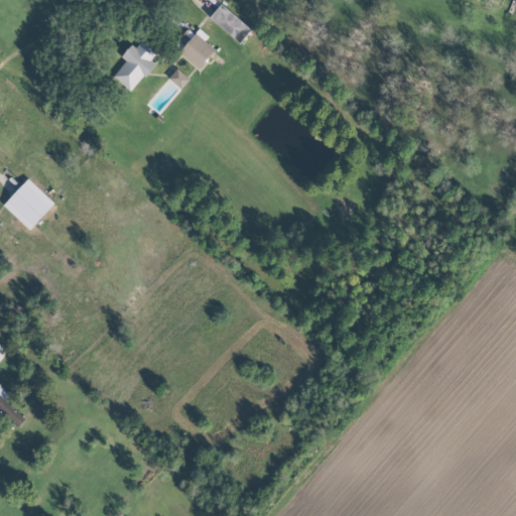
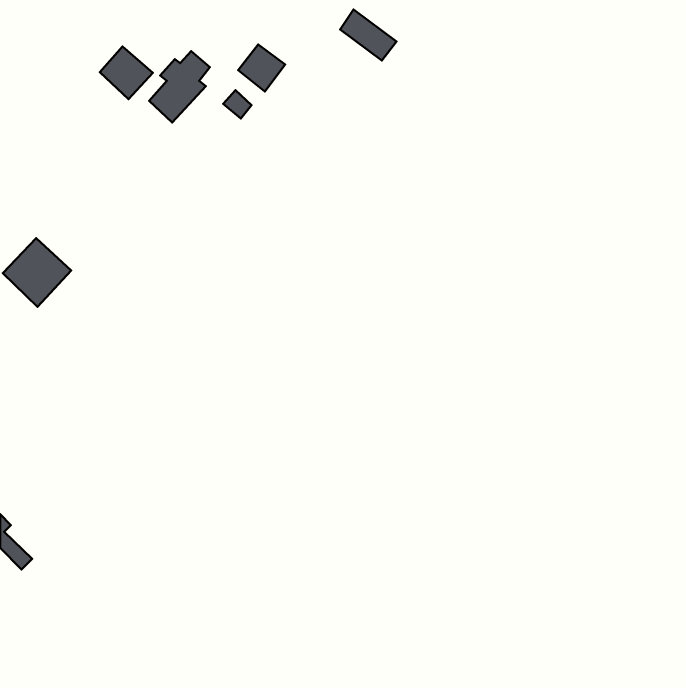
building: [210,4,252,42] -> [340,9,397,61]
building: none -> [100,46,153,99]

